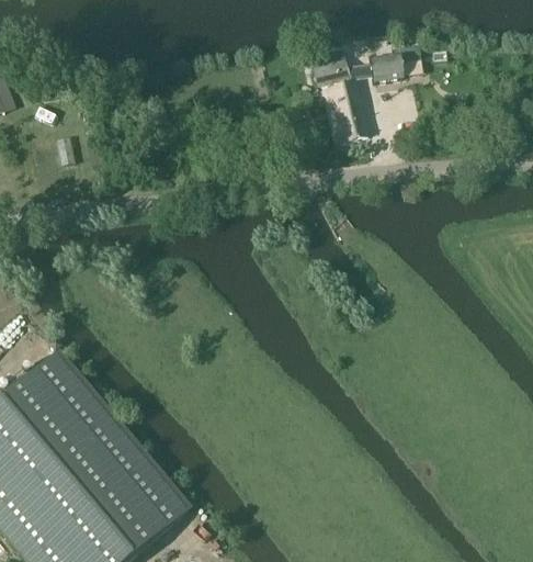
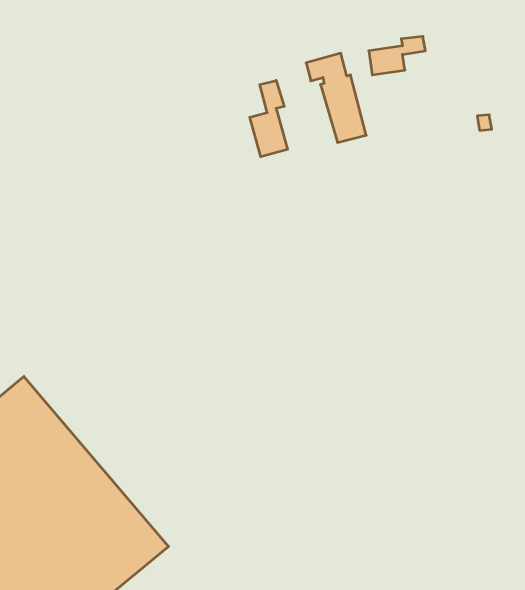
building: none -> [250,80,288,157]

